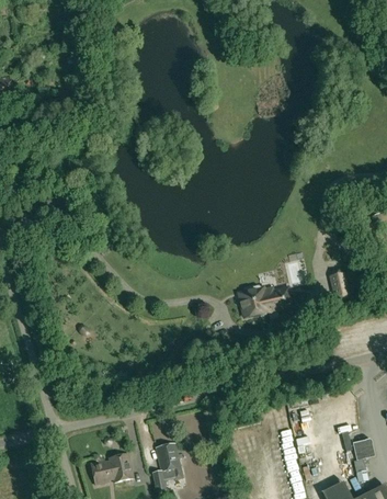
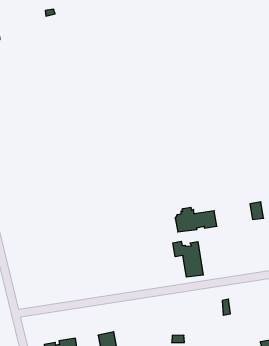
building: none -> [173,241,203,277]

